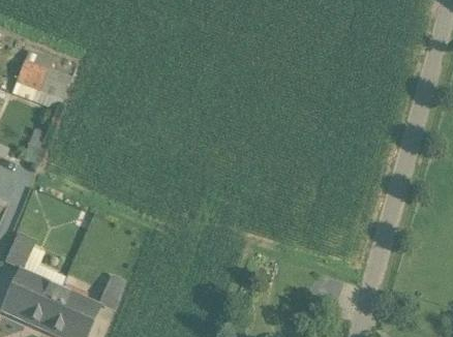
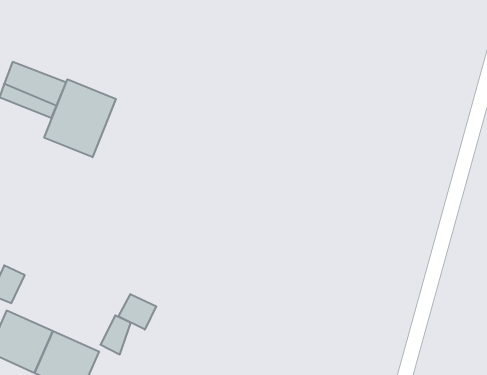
building: none -> [44,79,116,157]
building: none -> [118,294,156,330]

